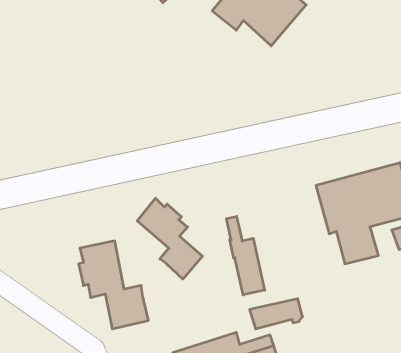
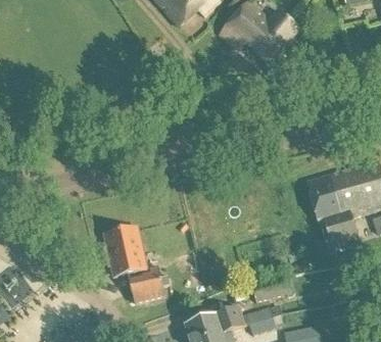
building: [137,198,202,279] -> none
building: [226,216,265,295] -> none

